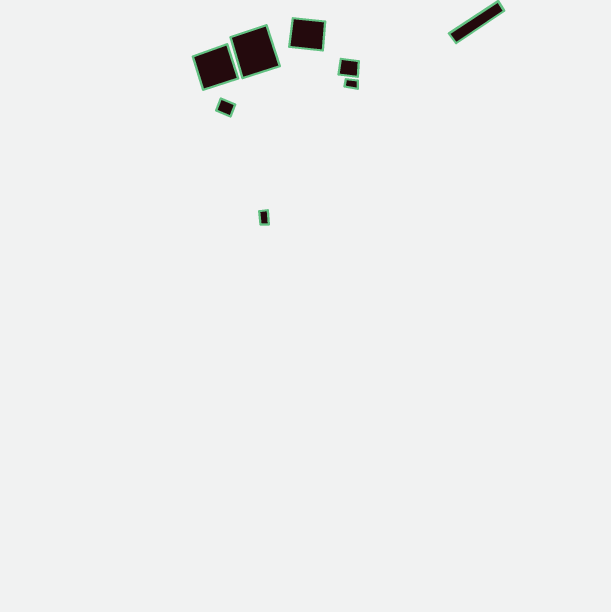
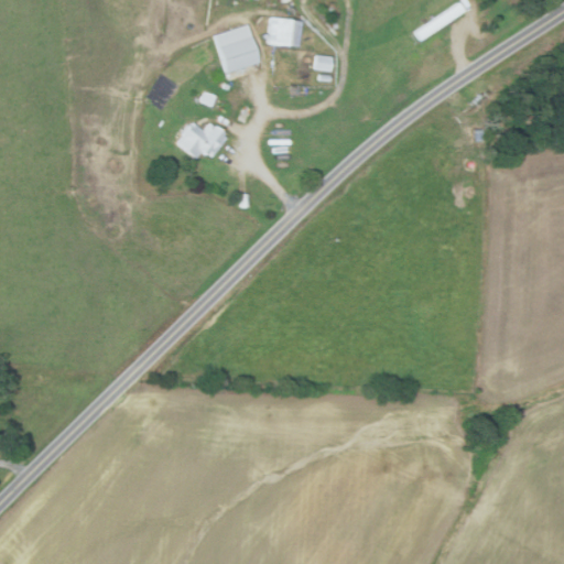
building: [193,44,238,90] -> none
building: none -> [176,121,227,160]

